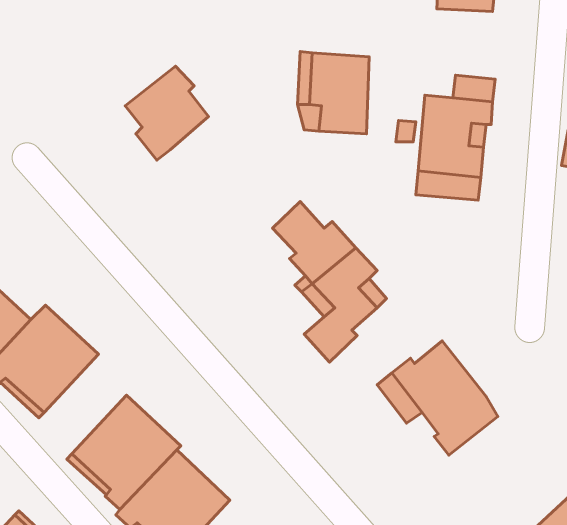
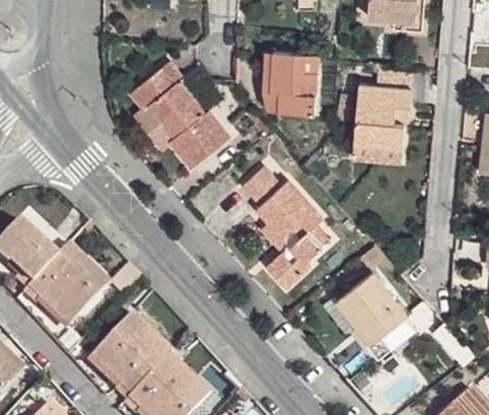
building: none -> [154,99,230,167]

